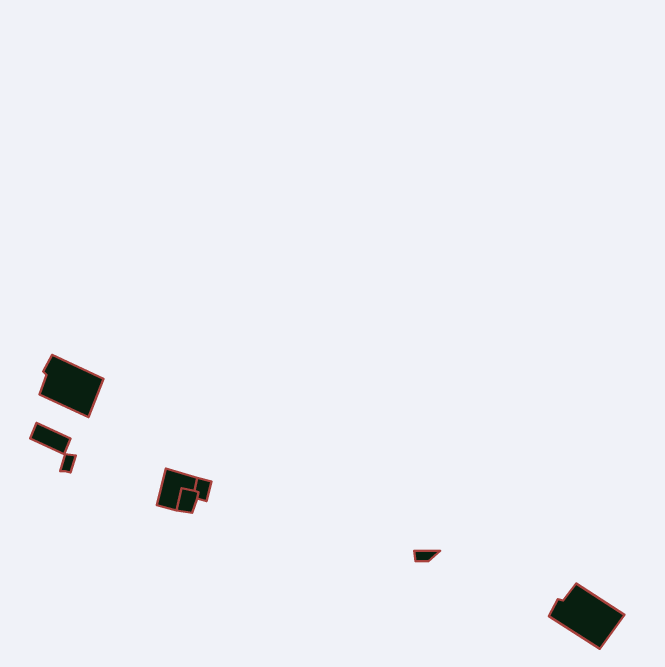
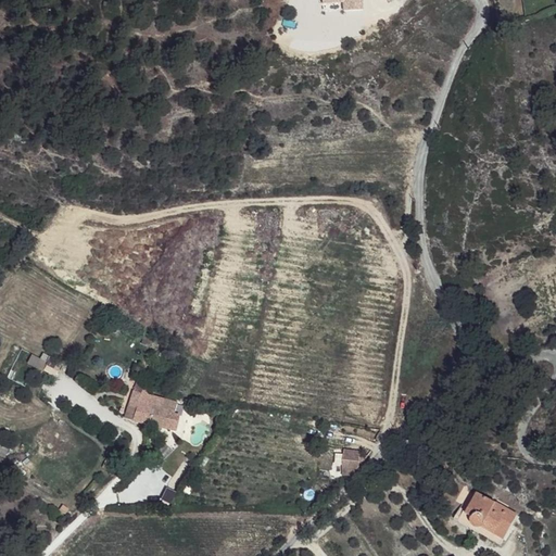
building: [39,355,104,417] -> none

